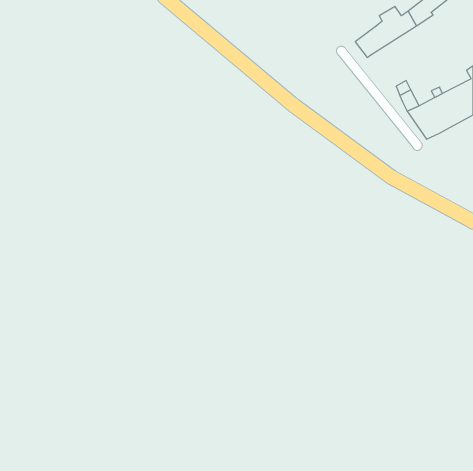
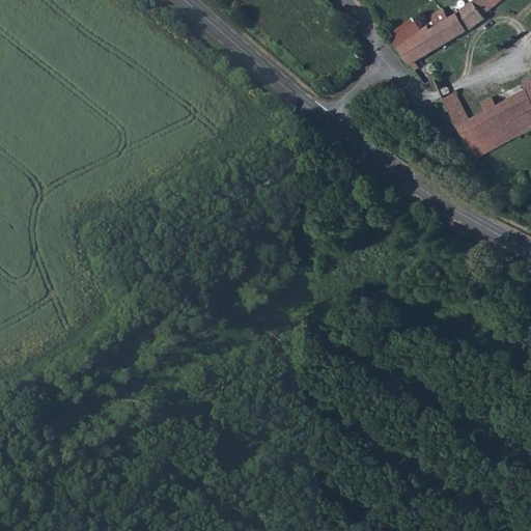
building: none -> [388,16,421,47]

